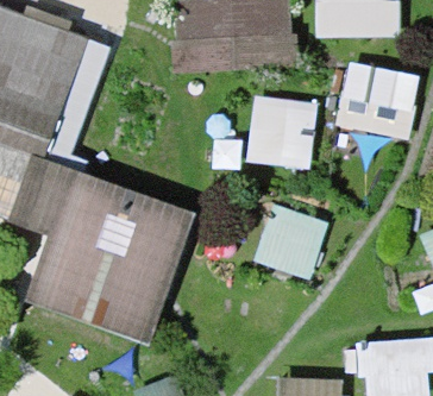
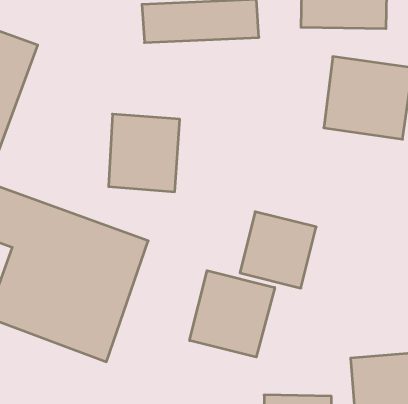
building: [251,95,318,168] -> [109,114,180,192]
building: none -> [190,271,275,357]

